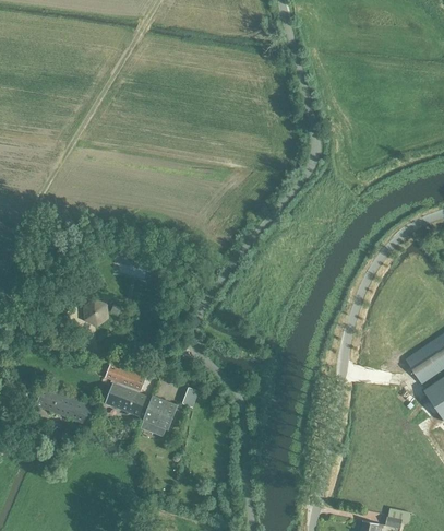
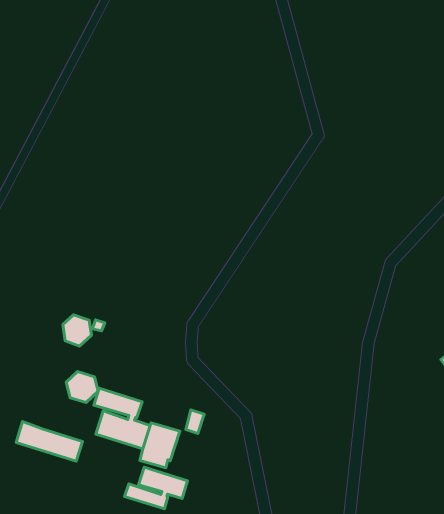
building: none -> [66,372,98,402]
building: none -> [125,467,188,509]

